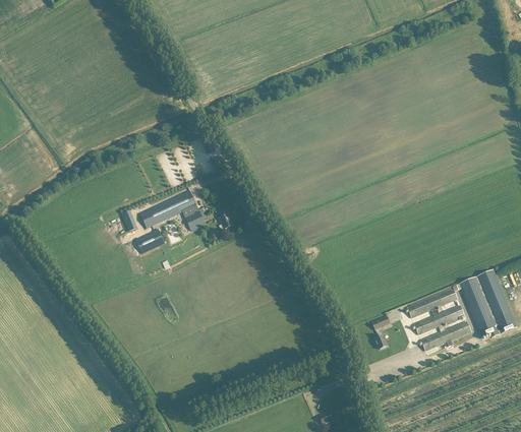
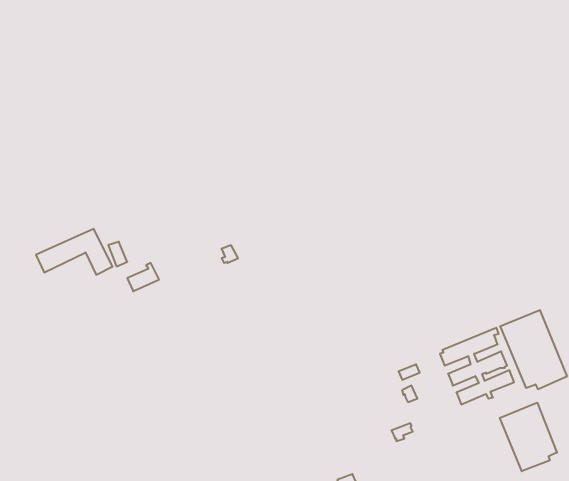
building: [139,190,206,230] -> [36,229,113,275]
building: none -> [500,403,557,471]

